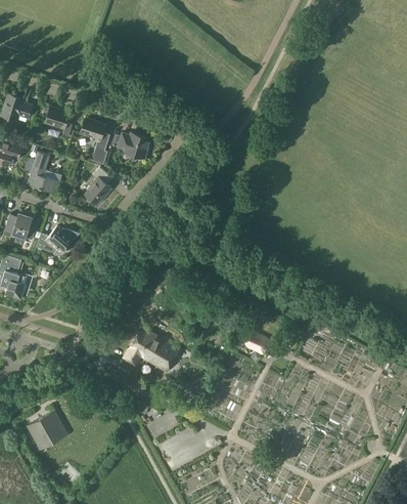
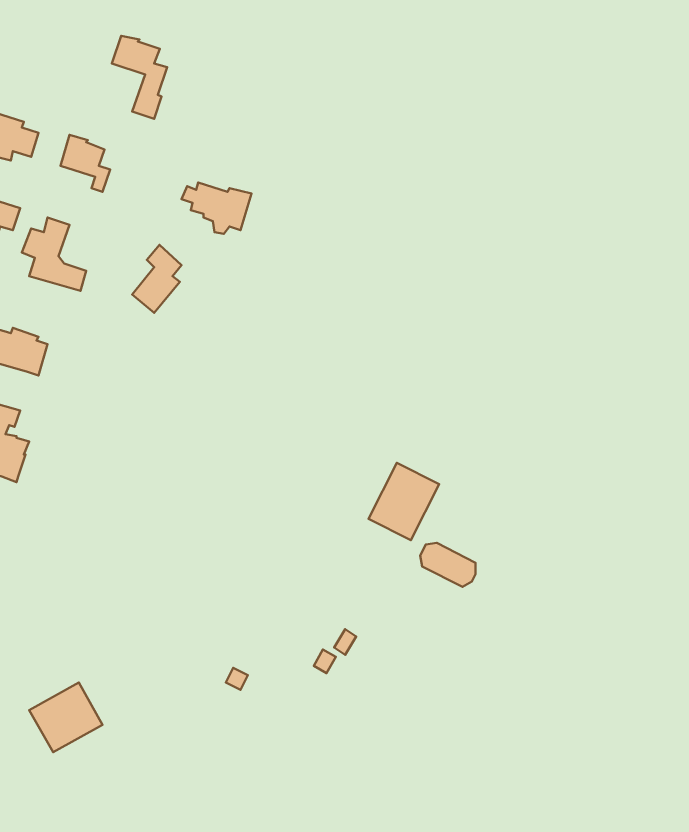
building: [79,118,109,164] -> [112,36,167,119]
building: [36,225,79,255] -> none
building: none -> [369,463,439,540]
building: [123,327,179,372] -> none

